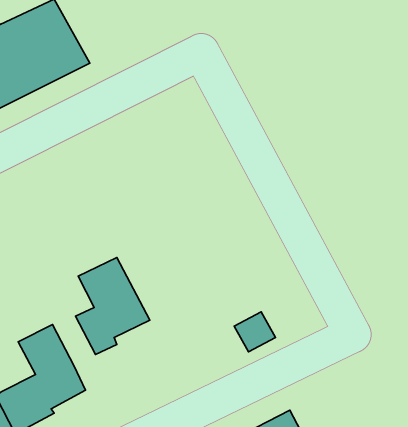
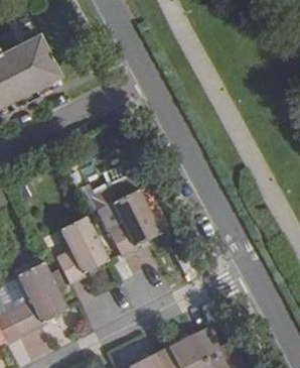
building: none -> [98,188,162,257]

